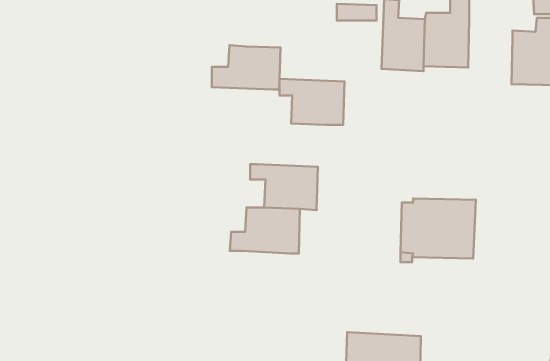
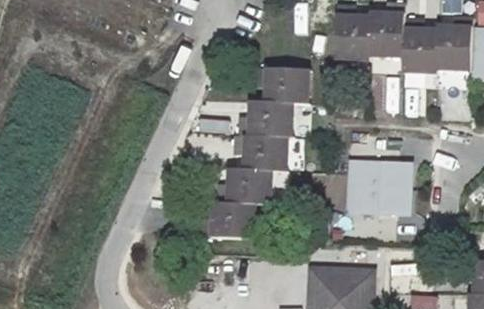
building: none -> [404,19,440,75]
building: [212,45,281,90] -> [239,100,293,135]
building: none -> [211,201,265,236]

